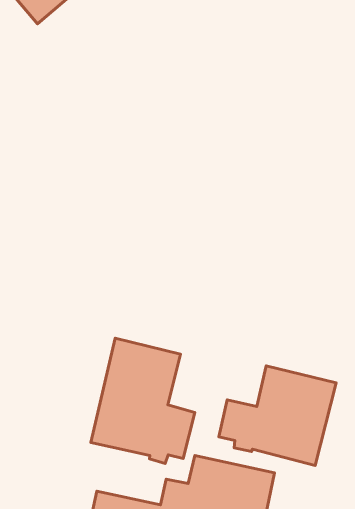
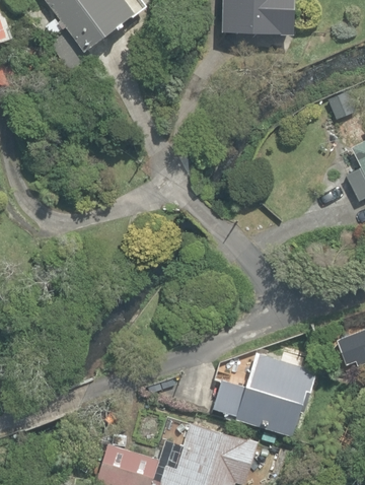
building: [91,338,195,463] -> none

